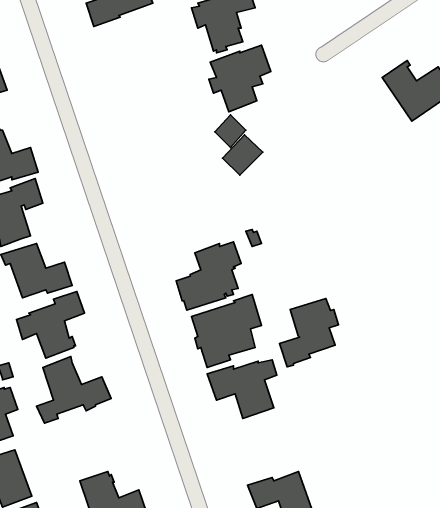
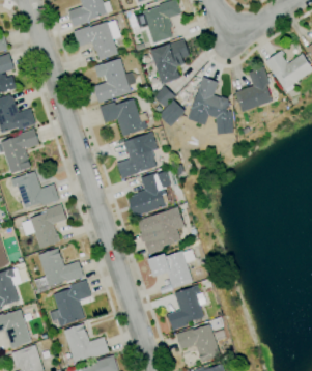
building: none -> [73,20,120,59]
building: none -> [92,58,136,103]
building: none -> [235,67,273,112]
building: none -> [188,77,234,135]
building: none -> [98,98,151,137]
building: none -> [116,133,157,178]
building: [279,299,338,367] -> [167,285,206,331]
building: none -> [50,280,91,327]

